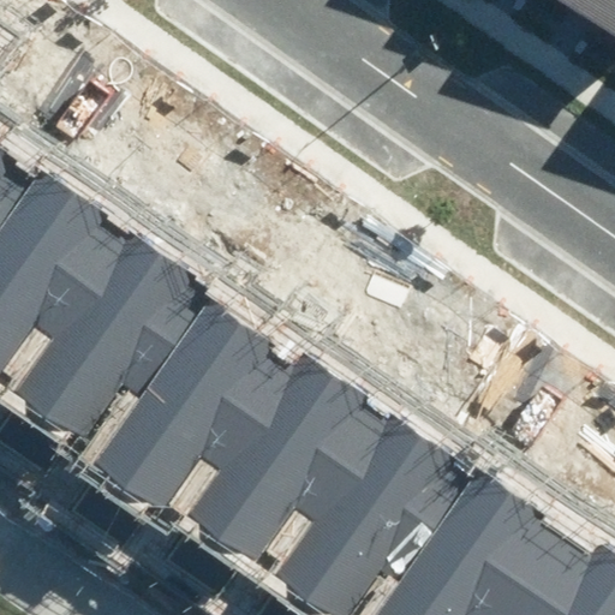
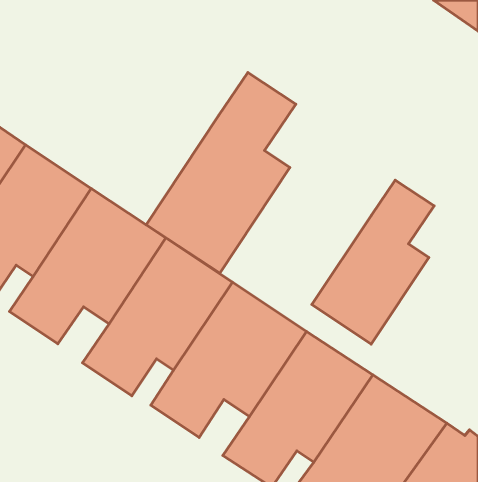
building: none -> [146,72,296,273]
building: none -> [312,180,434,344]

